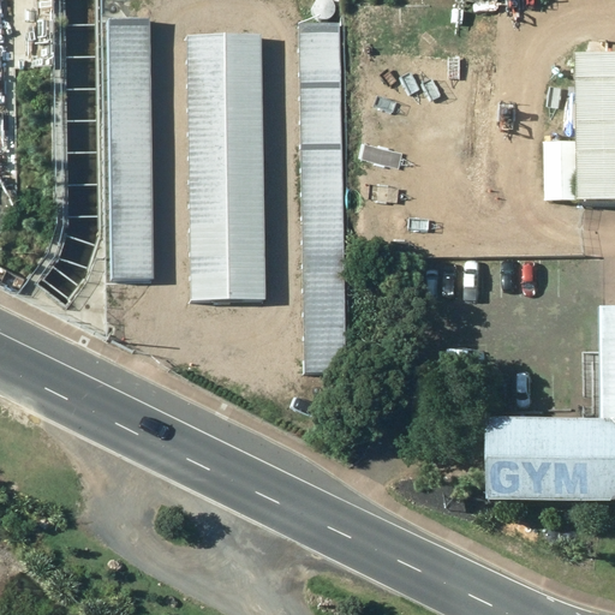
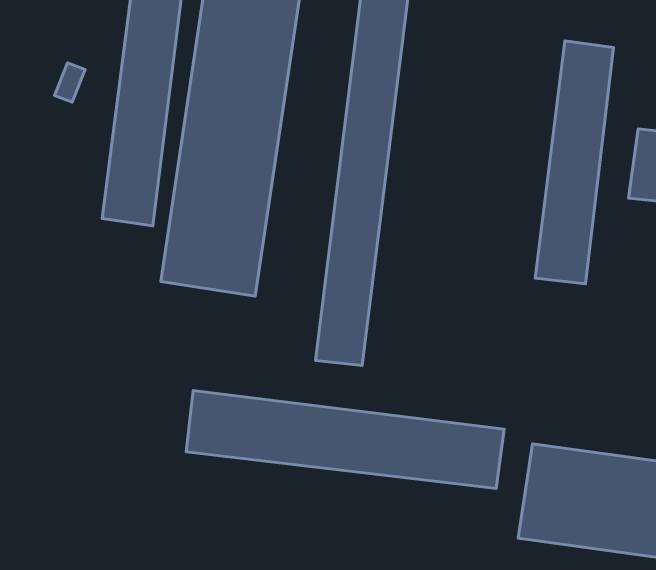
building: none -> [535,41,614,284]
building: none -> [186,390,504,489]

